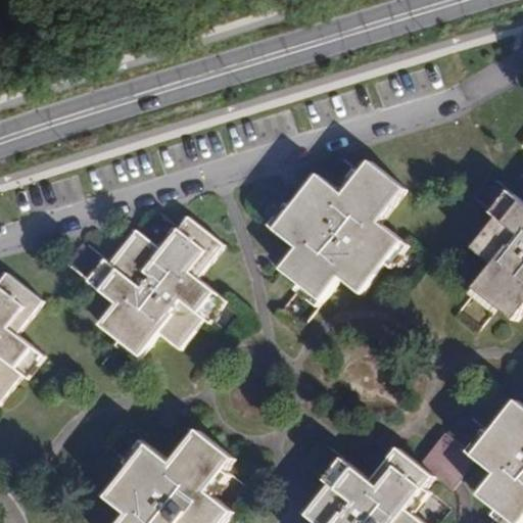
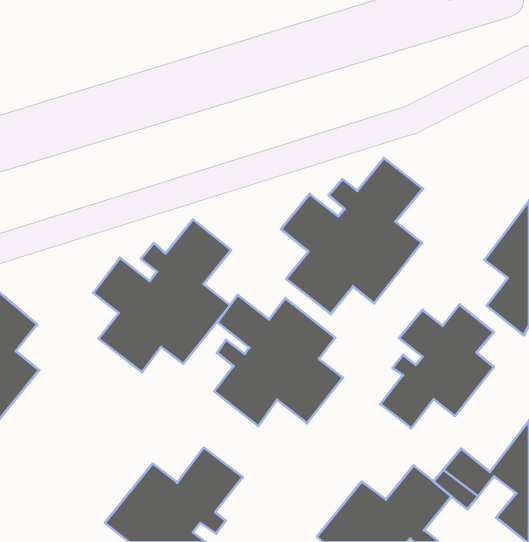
building: none -> [214,295,343,426]
building: none -> [380,304,494,428]

